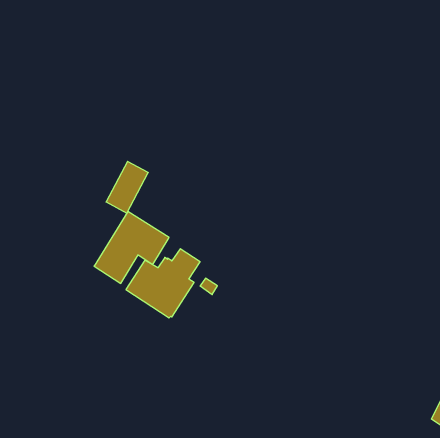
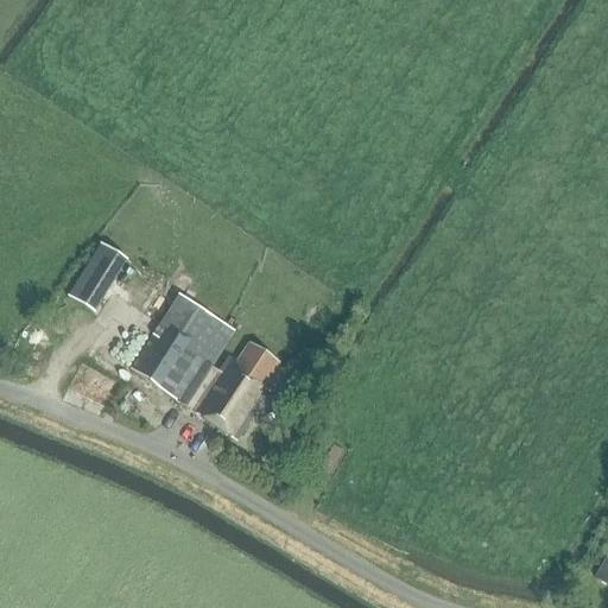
building: [106,161,148,213] -> [74,236,132,308]

